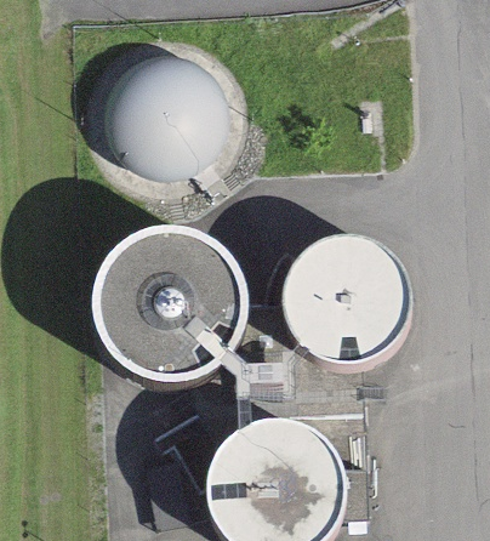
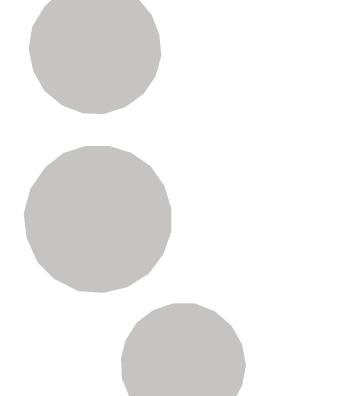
building: [274,233,418,376] -> none

